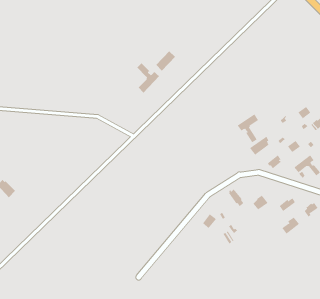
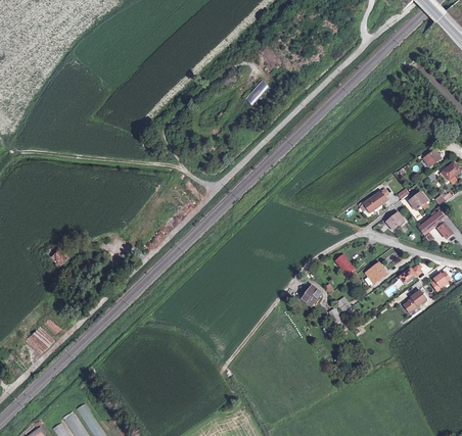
building: [137,63,160,93] -> none
building: [237,113,259,143] -> none

